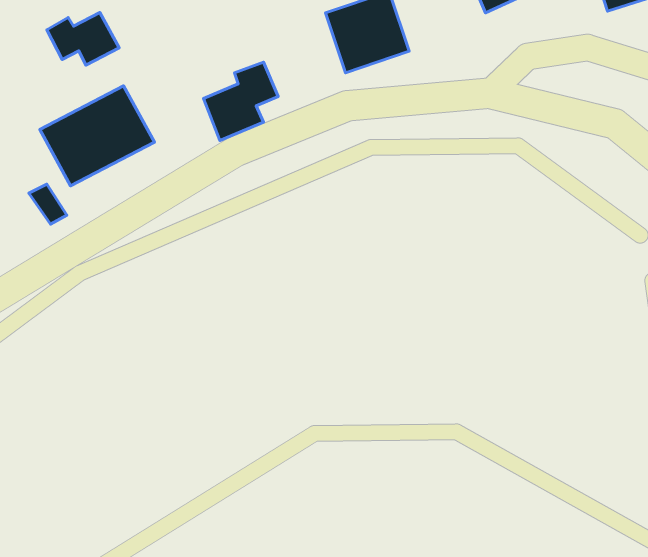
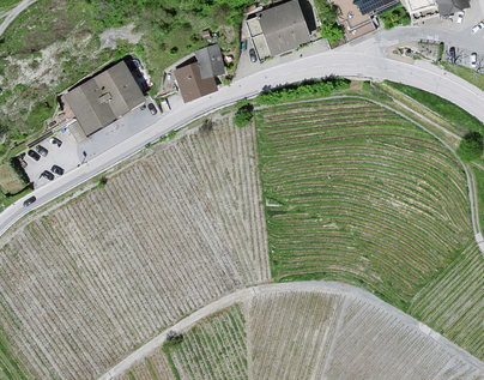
building: [47,13,119,65] -> none

